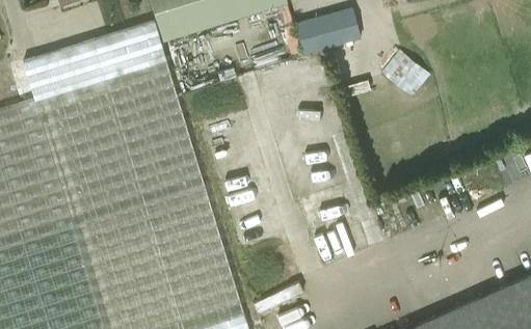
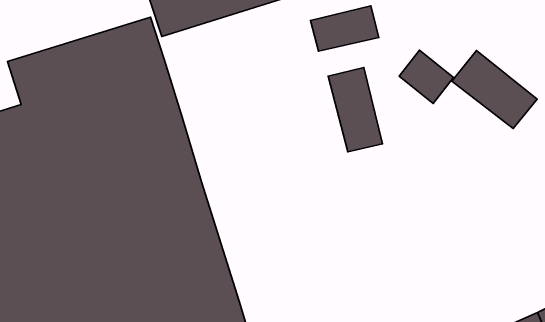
building: none -> [452,51,537,128]
building: none -> [328,68,383,152]

